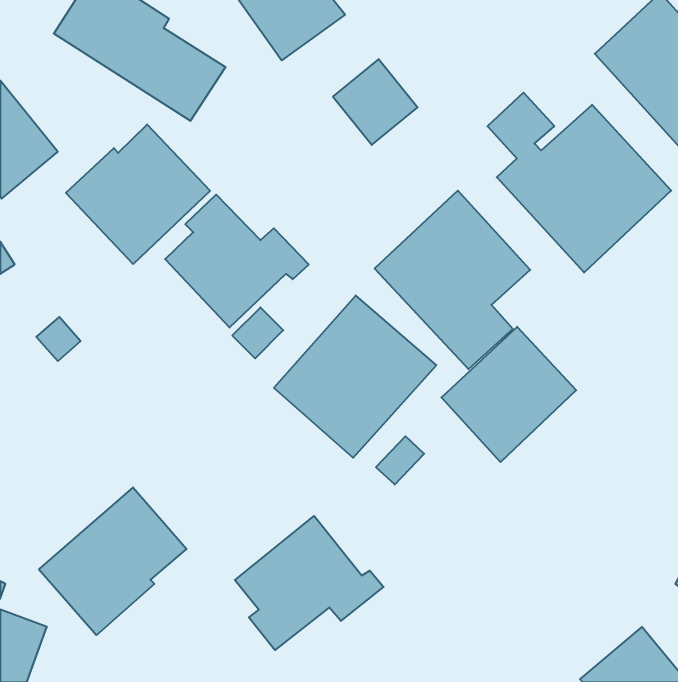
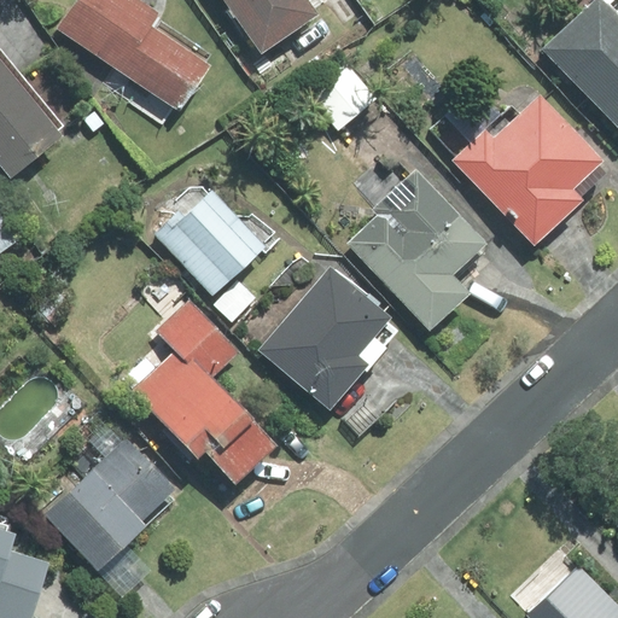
building: [66,124,210,264] -> none
building: [441,327,576,462] -> none
building: none -> [134,299,274,485]
building: [235,516,384,650] -> none

